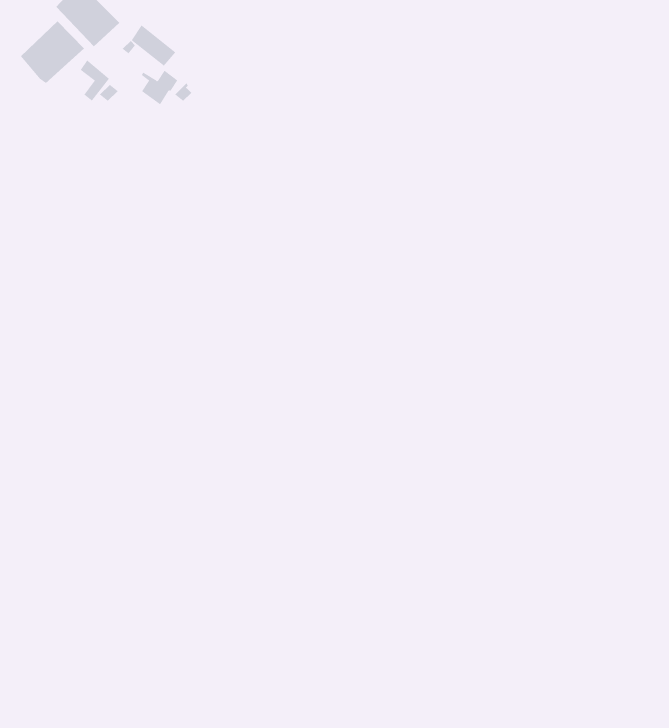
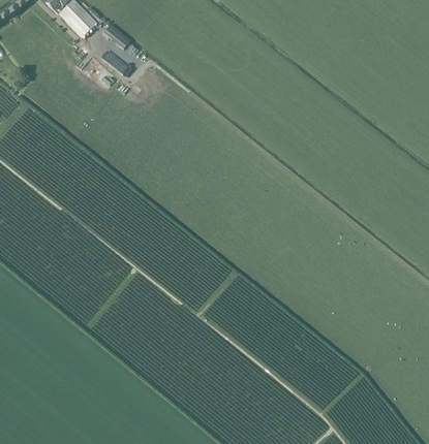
building: [20,20,85,84] -> none

